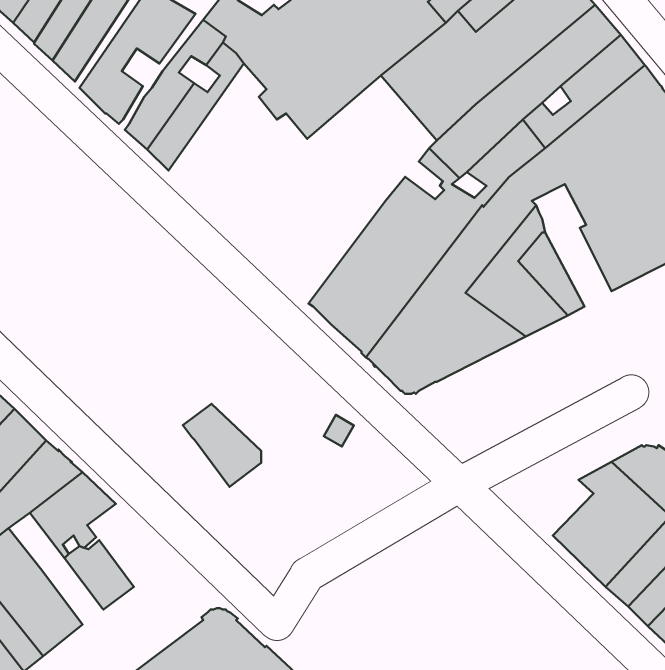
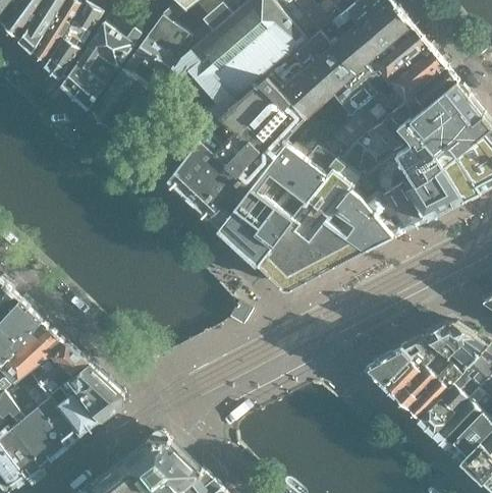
building: none -> [167,74,305,228]
building: none -> [369,148,423,230]
building: [183,404,261,487] -> [68,364,121,420]
building: none -> [365,347,411,385]
building: none -> [15,370,78,445]

